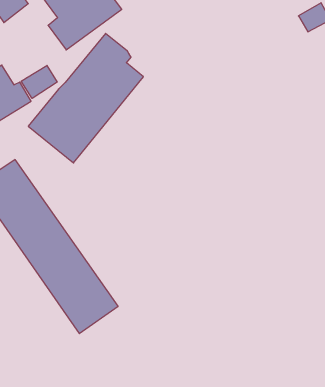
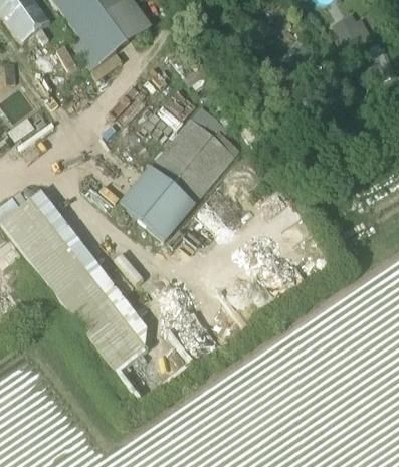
building: [28,33,143,163] -> [119,101,241,239]
building: [21,65,57,98] -> none

